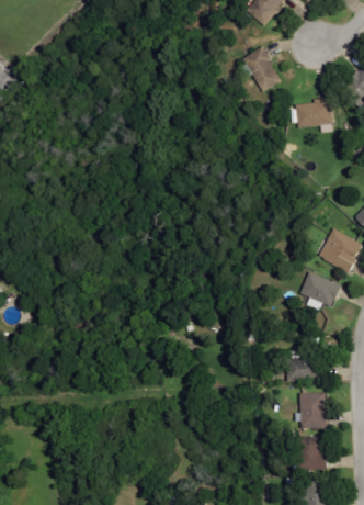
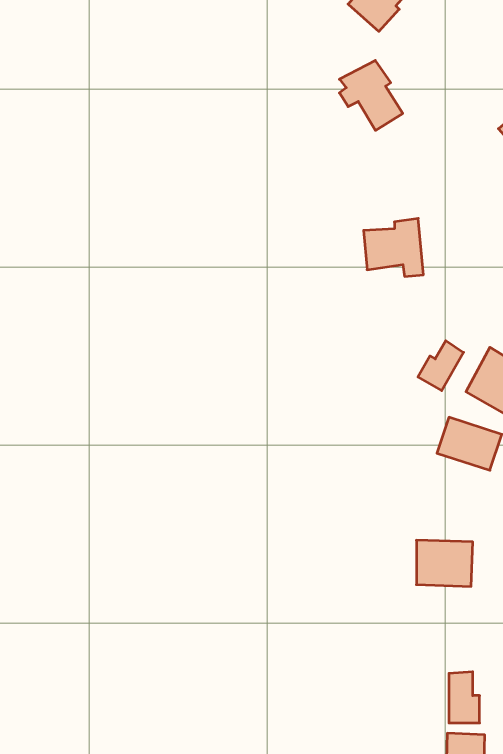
building: [293,96,331,133] -> [364,218,423,276]
building: none -> [418,341,464,391]
building: [300,393,327,429] -> none

